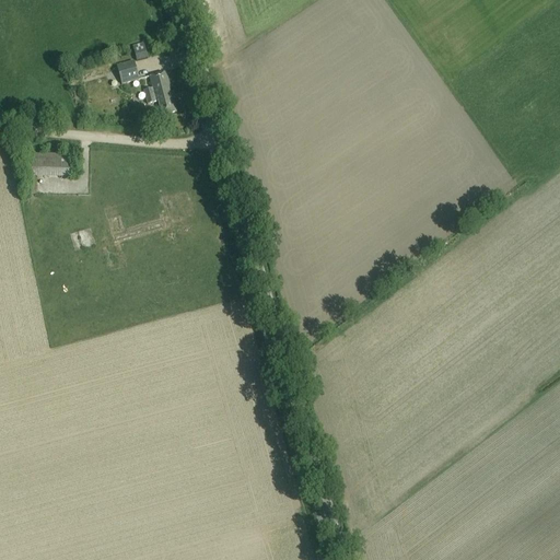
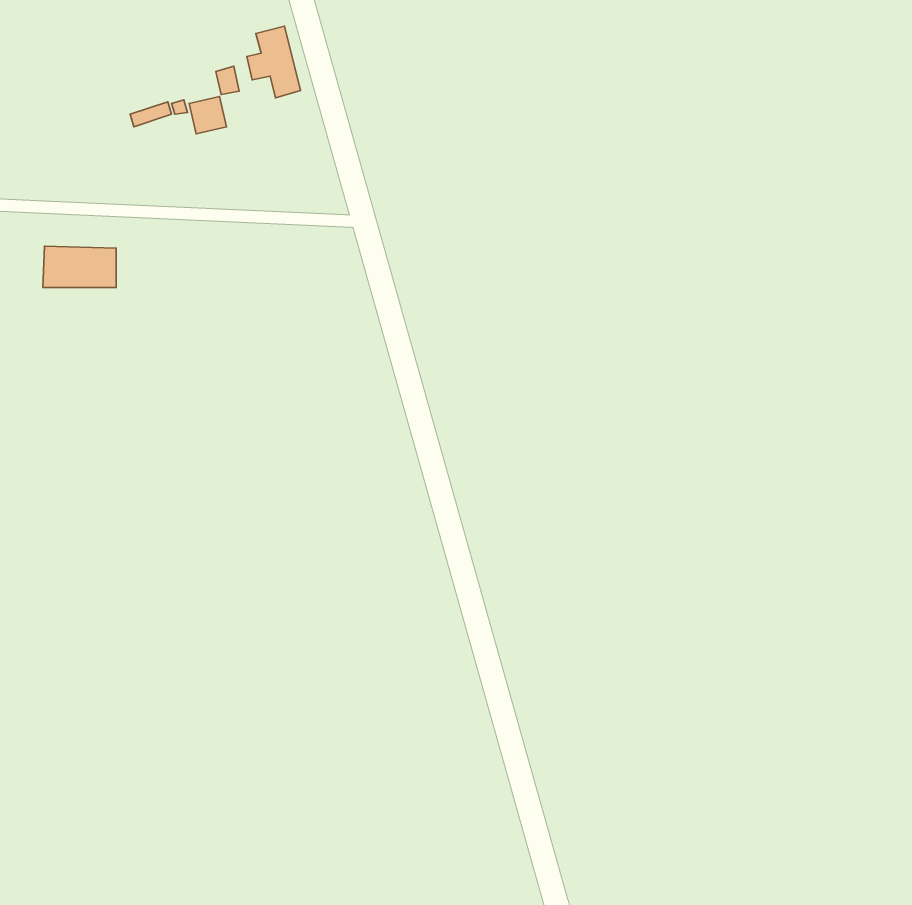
building: [144,69,177,113] -> [247,26,300,98]

